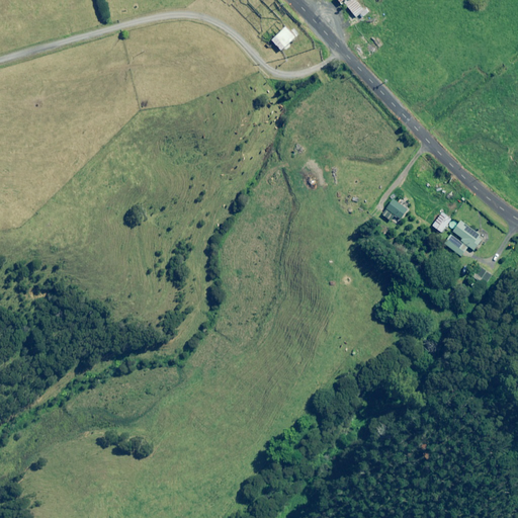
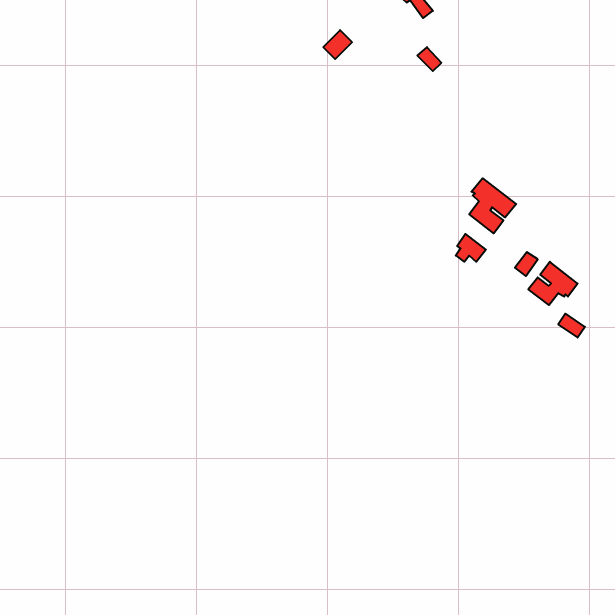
building: none -> [469,178,516,233]

